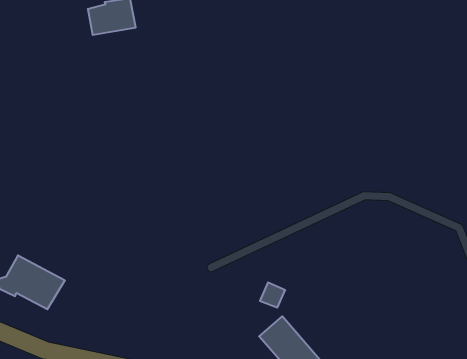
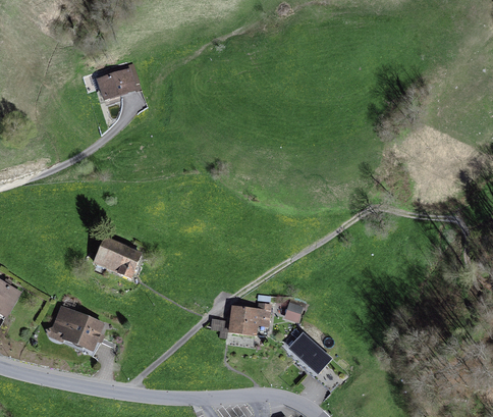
building: none -> [94,237,144,278]
building: none -> [228,303,272,336]

